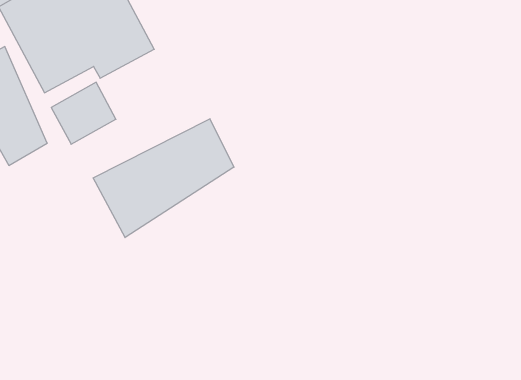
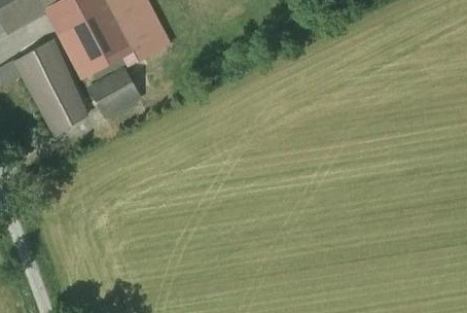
building: [93,119,234,238] -> none

